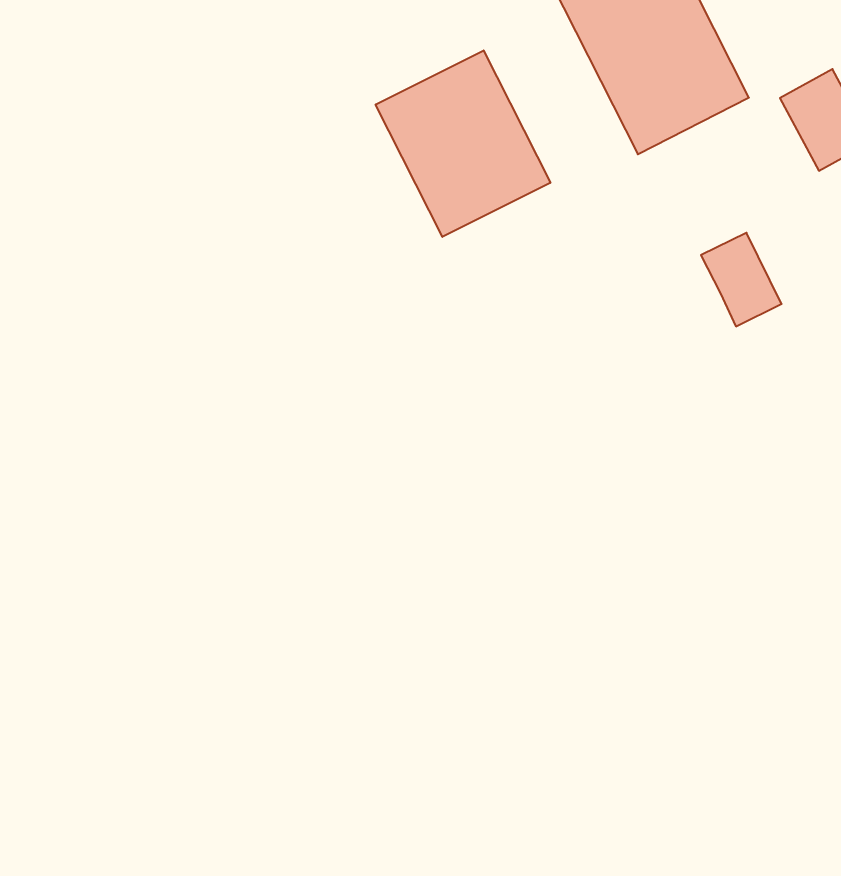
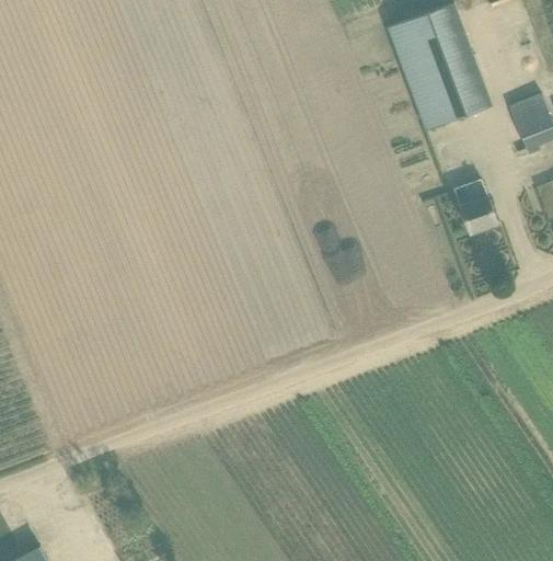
building: [376,50,550,237] -> none

